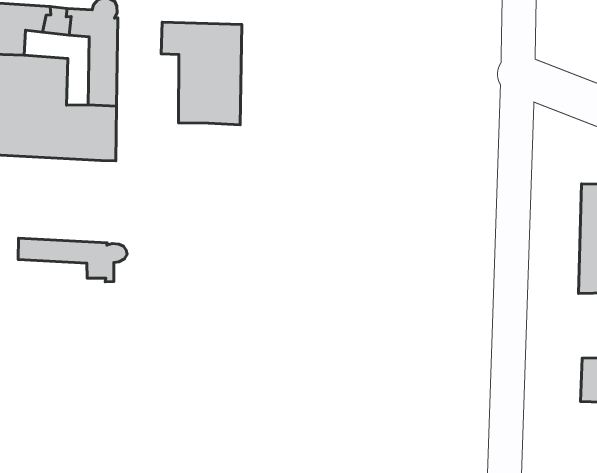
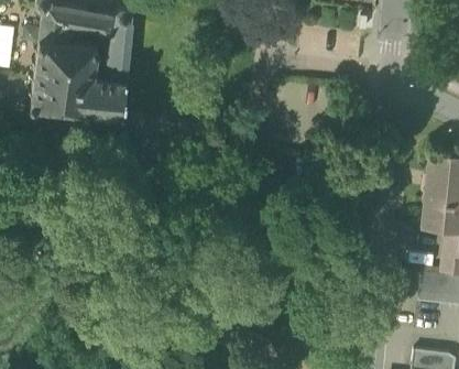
building: [161,22,242,125] -> none
building: [18,238,127,282] -> none

